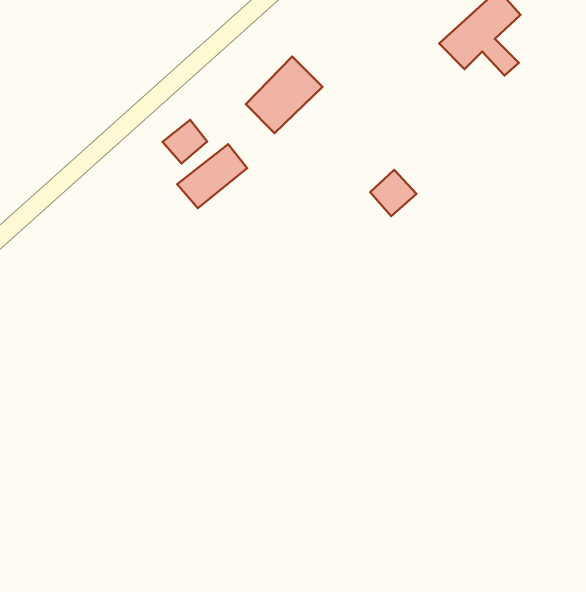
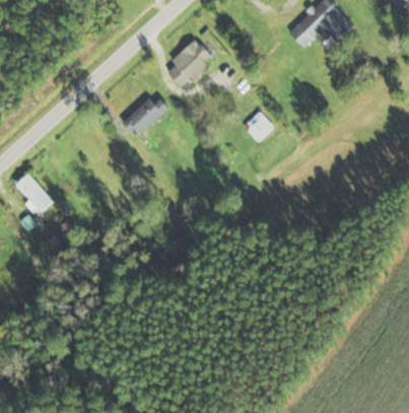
building: [163,120,207,164] -> none
building: none -> [14,170,53,211]

